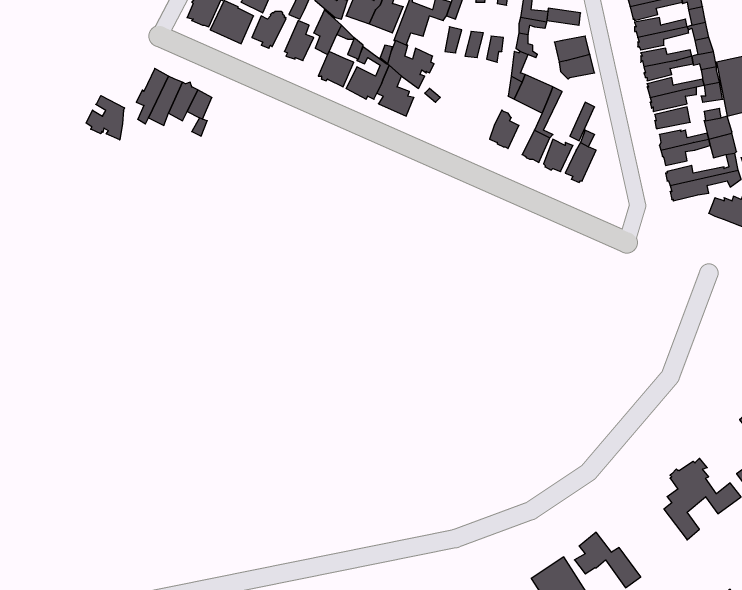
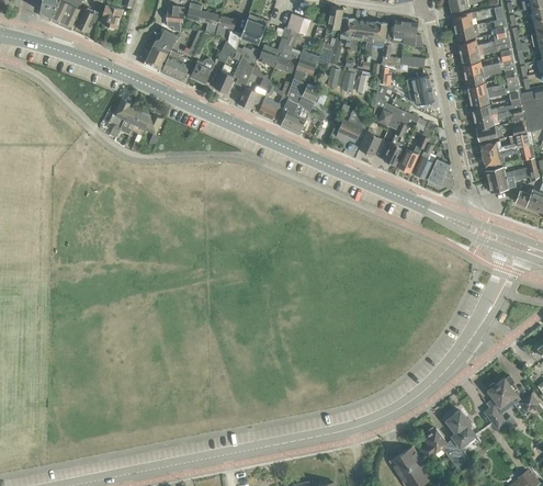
building: none -> [338,111,371,139]
building: [86,96,124,140] -> none
building: none -> [428,158,454,189]
building: none -> [446,410,475,447]

